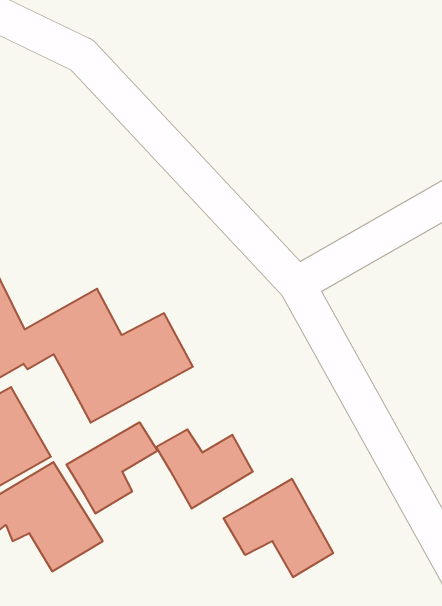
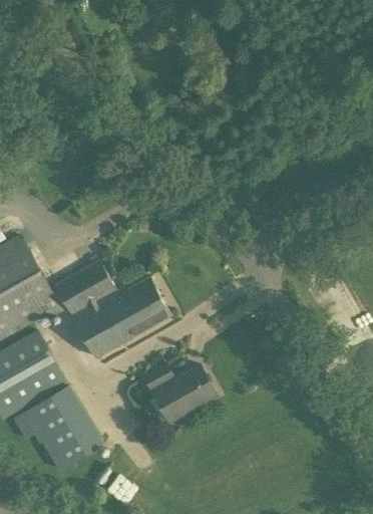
building: [66,422,158,514] -> none
building: [224,479,333,577] -> none

